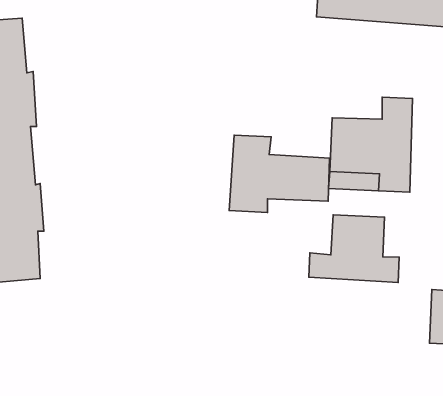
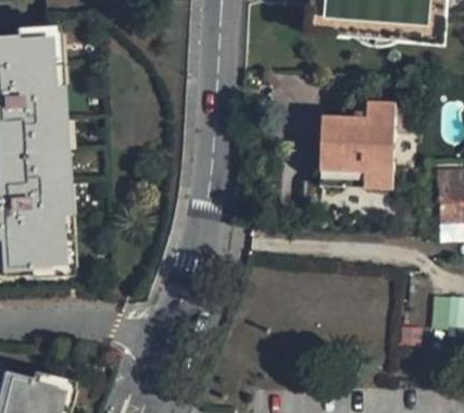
building: [229,135,330,212] -> none
building: [309,215,399,283] -> none

